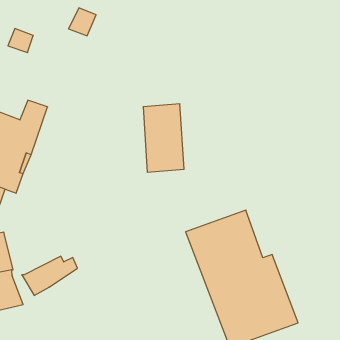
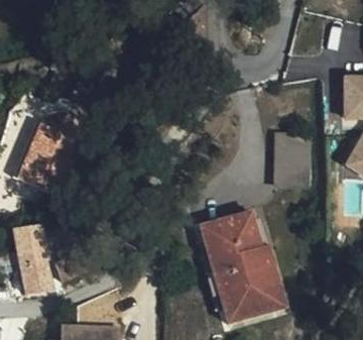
building: [143,104,184,172] -> [275,126,308,182]

